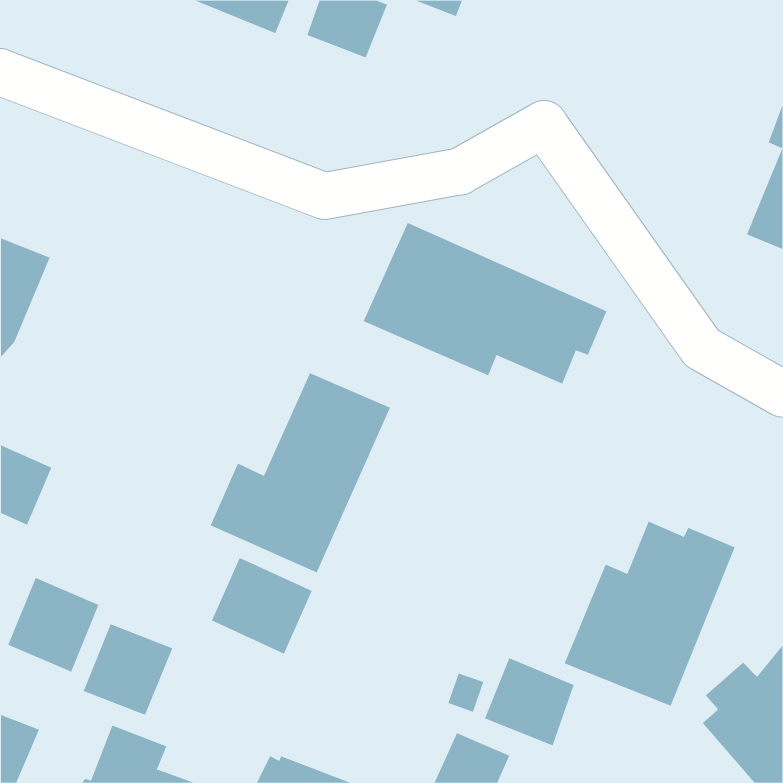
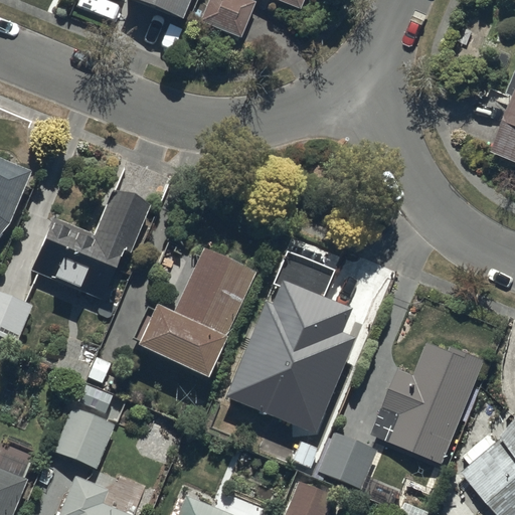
building: [363,222,607,385] -> none
building: none -> [32,191,149,298]
building: none -> [225,251,355,434]
building: [211,557,312,654] -> none
building: [8,577,99,673] -> none

